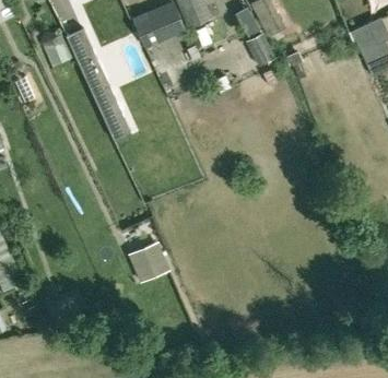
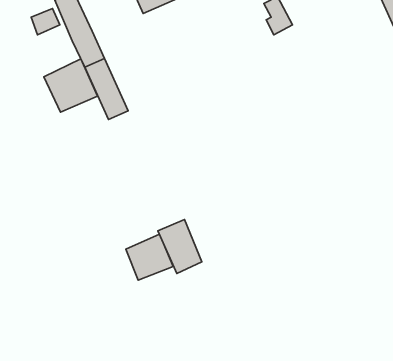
building: none -> [44,59,98,112]
building: none -> [158,220,202,273]

